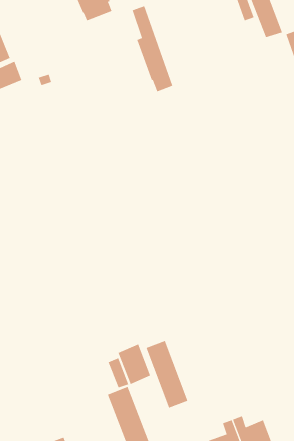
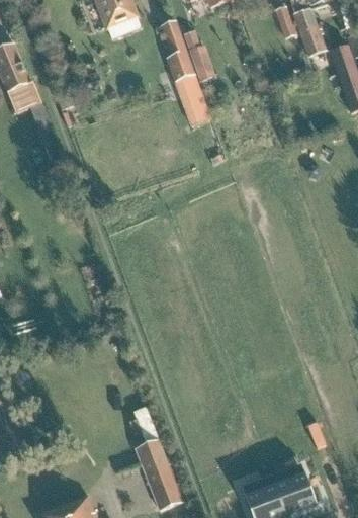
building: none -> [183,29,215,80]
building: [146,340,188,408] -> none
building: [118,343,151,385] -> none

